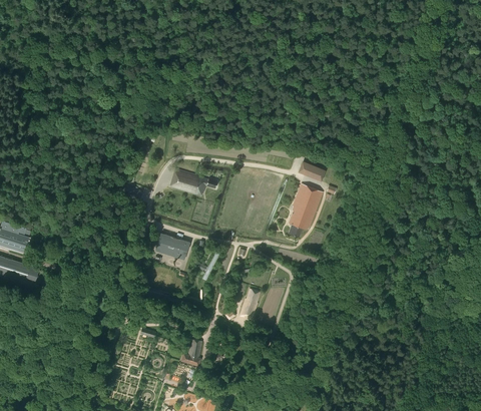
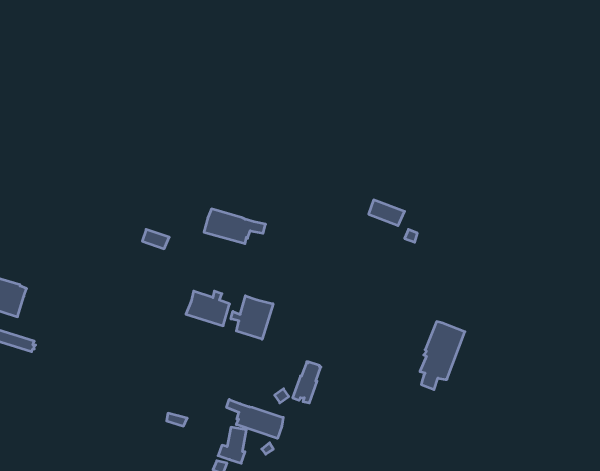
building: [289,183,324,237] -> [420,322,465,390]
building: none -> [231,296,273,339]
building: none -> [227,399,283,438]

